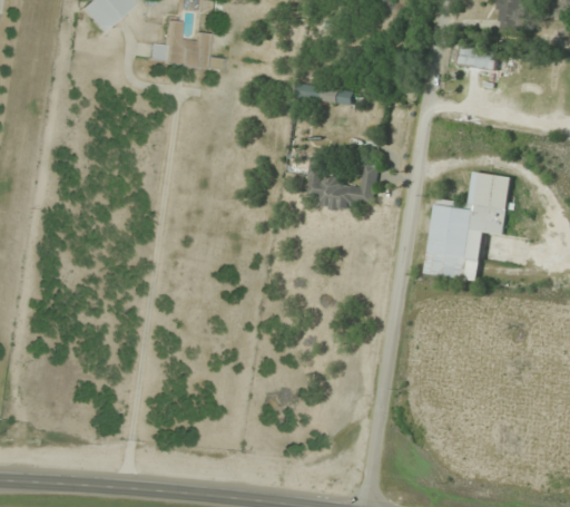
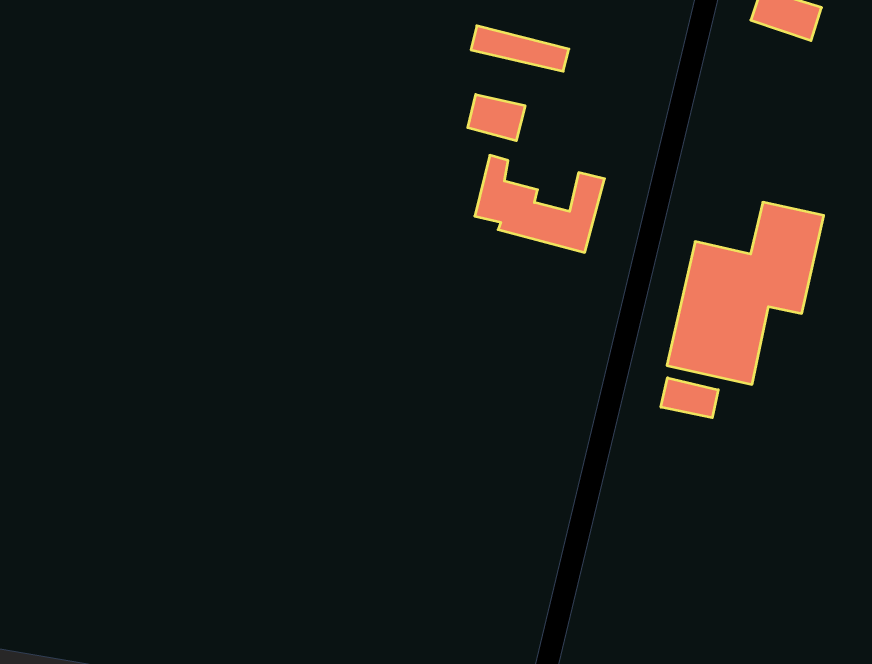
building: none -> [468,94,525,141]
building: none -> [661,378,718,418]

